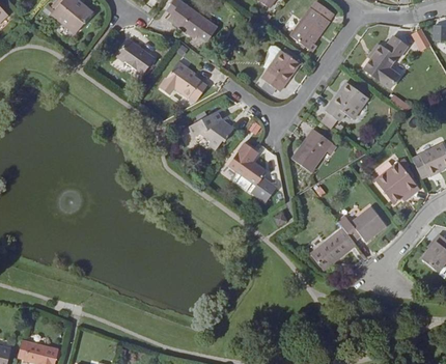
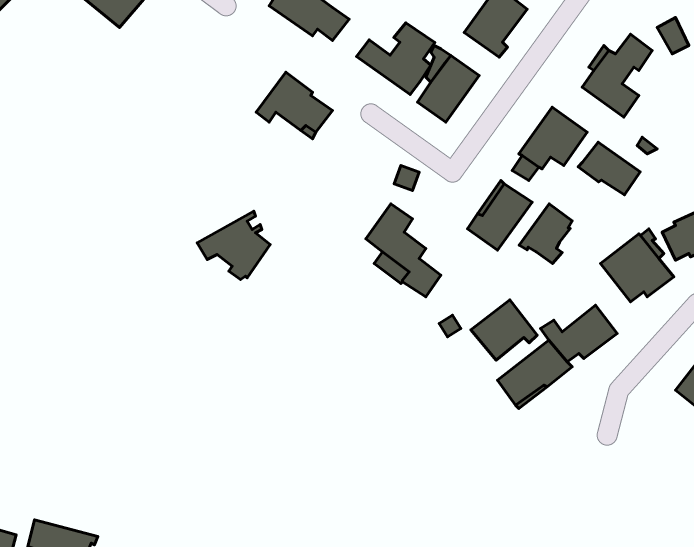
building: none -> [357,23,435,95]
building: [117,39,155,75] -> none
building: none -> [578,142,640,195]
building: [189,107,234,149] -> [197,211,270,279]
building: none -> [519,204,572,263]
building: none -> [471,300,537,360]

